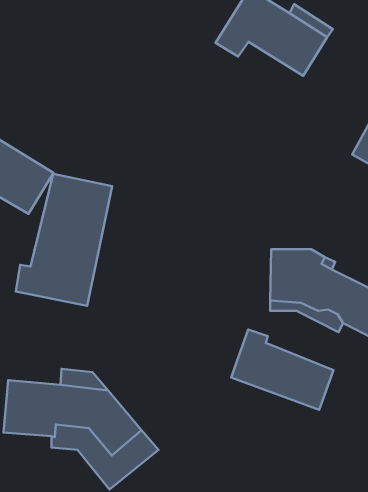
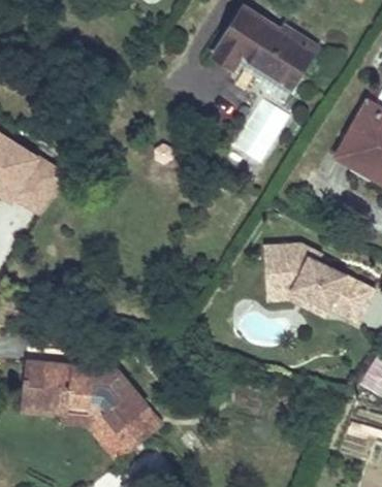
building: [16,174,112,306] -> none
building: [231,330,334,410] -> none

